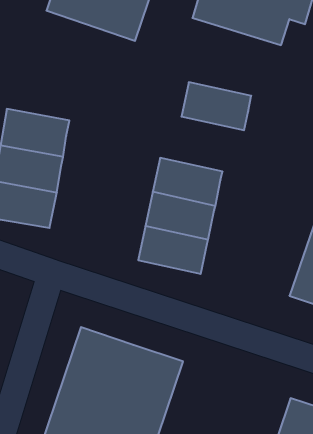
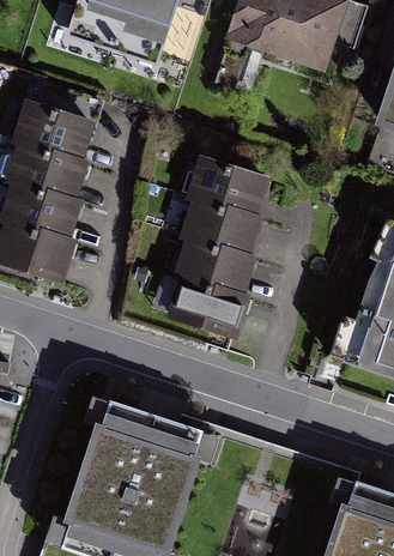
building: none -> [13,103,92,157]
building: [181,82,251,130] -> [189,161,269,216]

